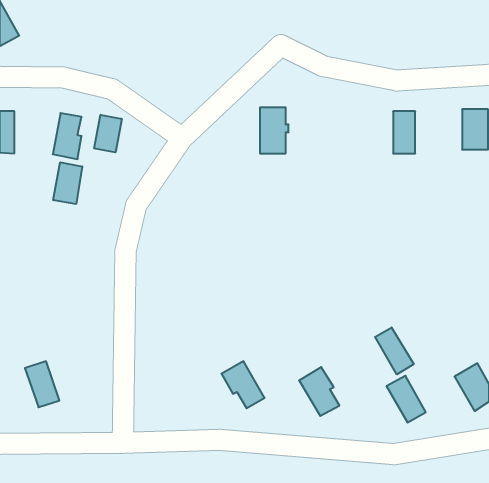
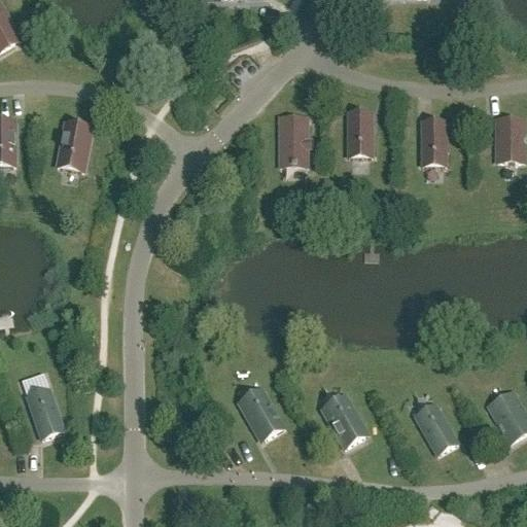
building: none -> [348,111,372,155]
building: [94,115,122,152] -> none
building: [53,162,82,204] -> none
building: [375,327,414,374] -> none

